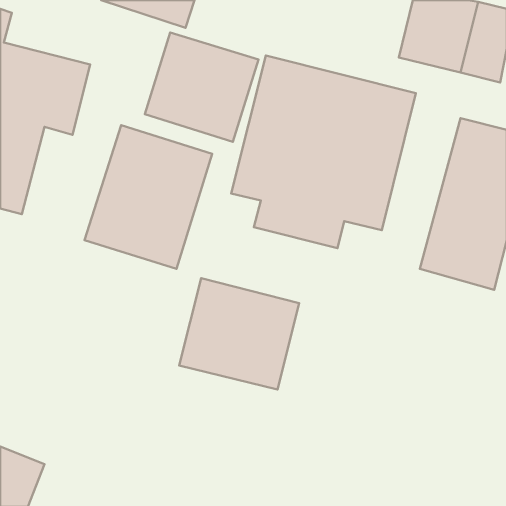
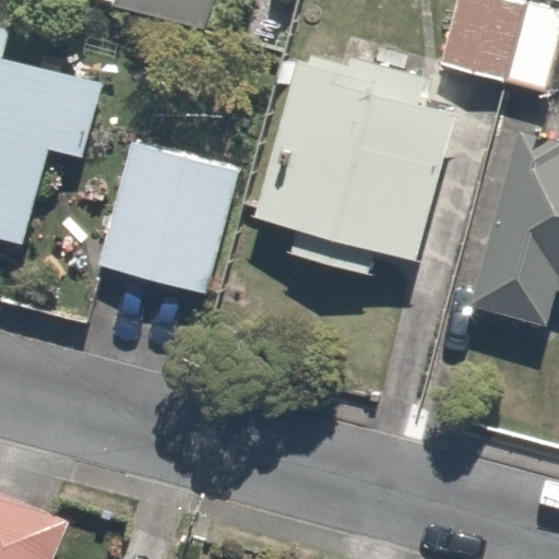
building: [145,33,259,142] -> none
building: [179,278,299,390] -> none

